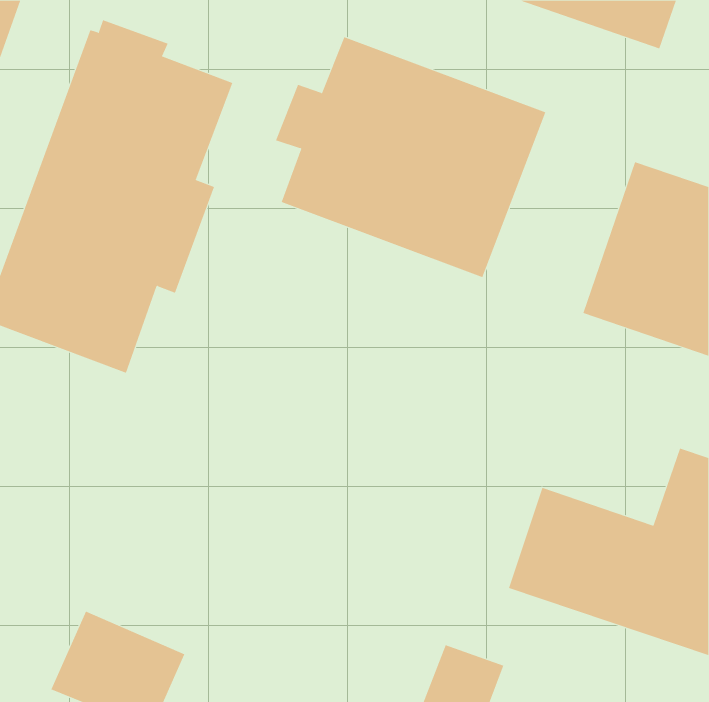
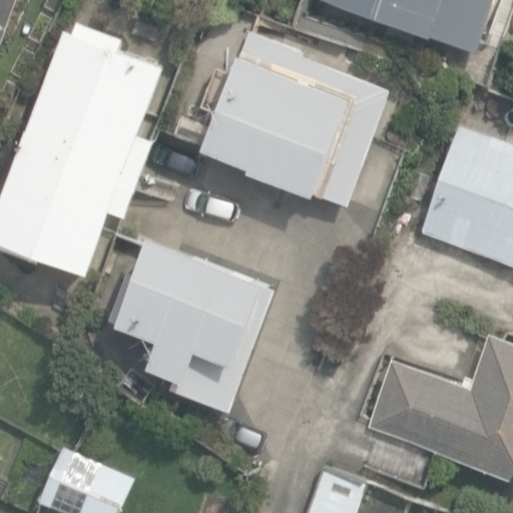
building: none -> [109,240,281,414]

